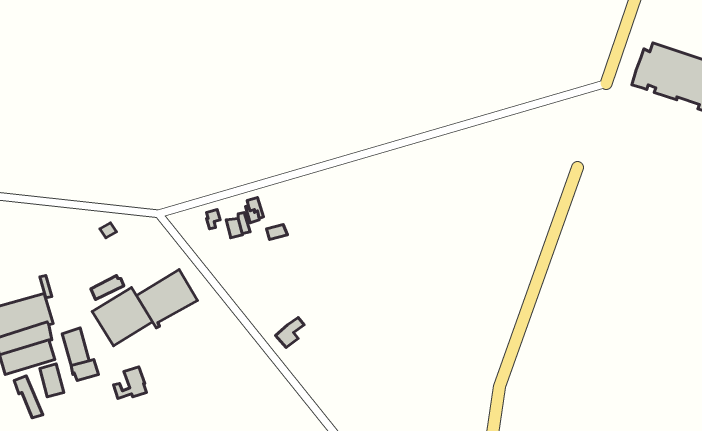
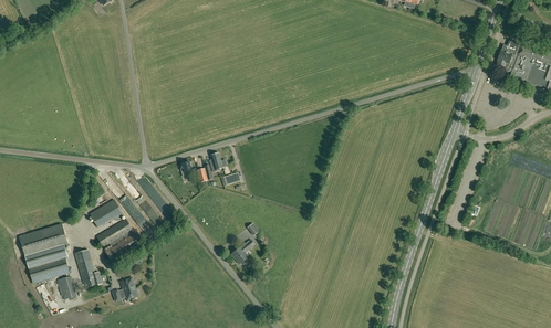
building: [137,269,197,328] -> none

